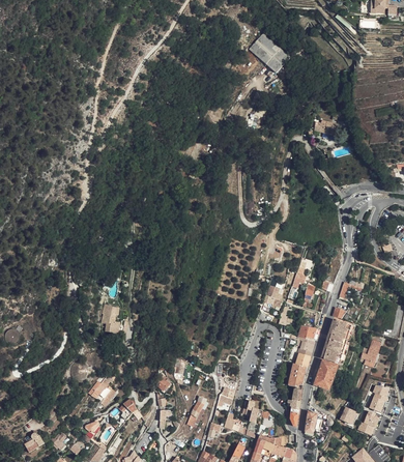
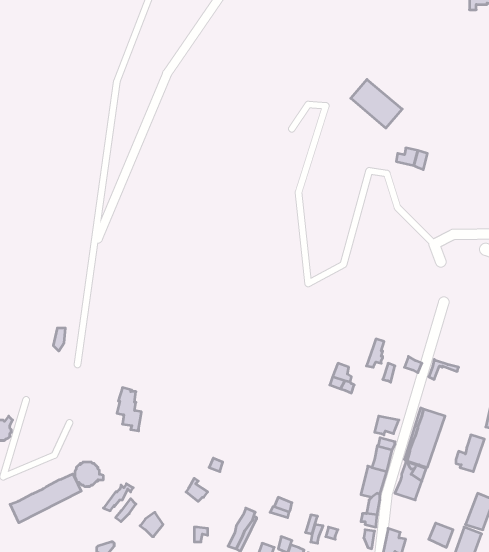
building: [249,33,288,70] -> [351,79,402,128]
building: none -> [10,474,81,523]

